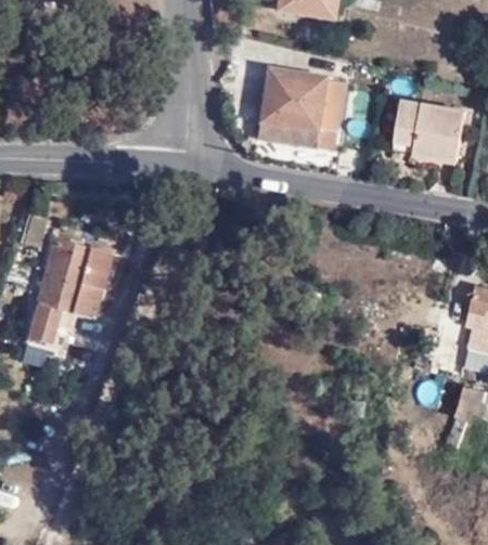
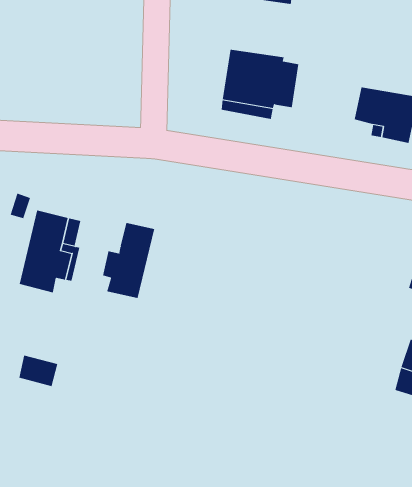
building: none -> [103,222,155,299]
building: [29,322,73,356] -> [18,355,58,387]

